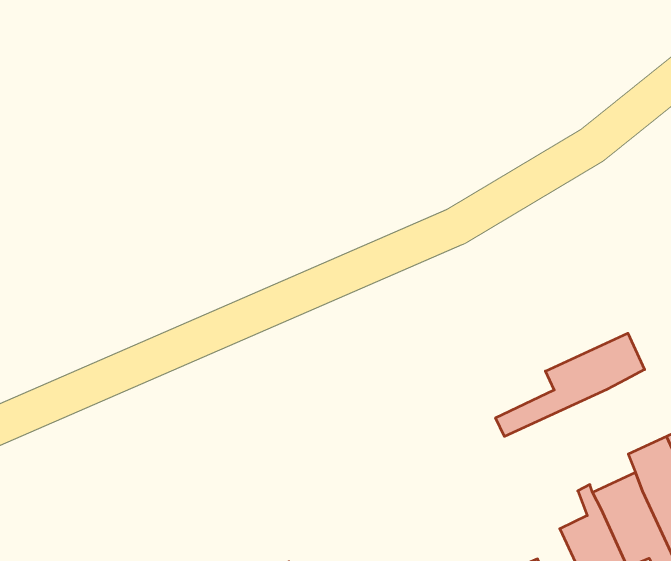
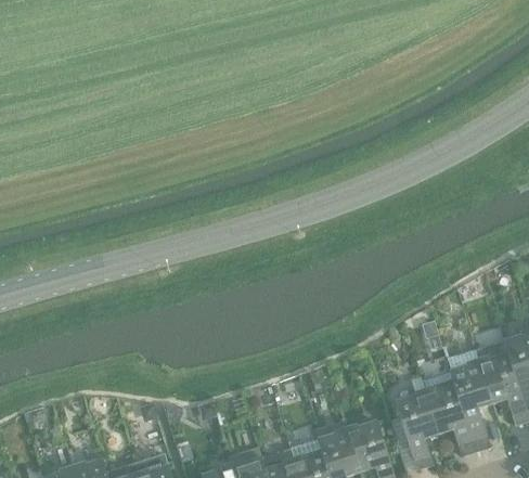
building: [496,333,645,436] -> none

